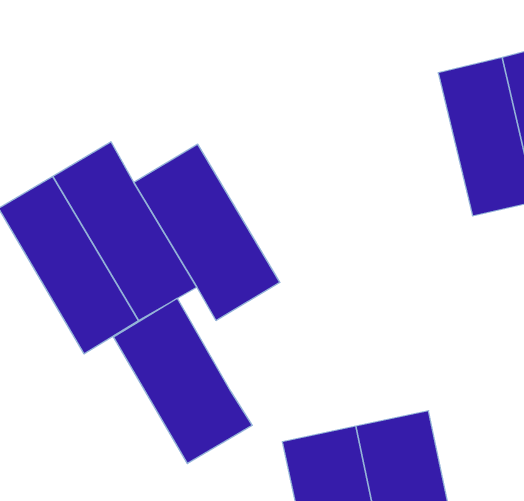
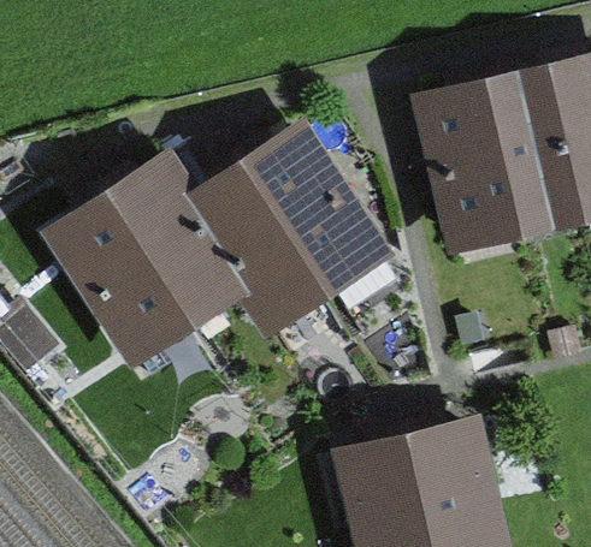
building: none -> [415,93,524,255]
building: none -> [246,126,394,304]
building: [114,298,252,464] -> none

